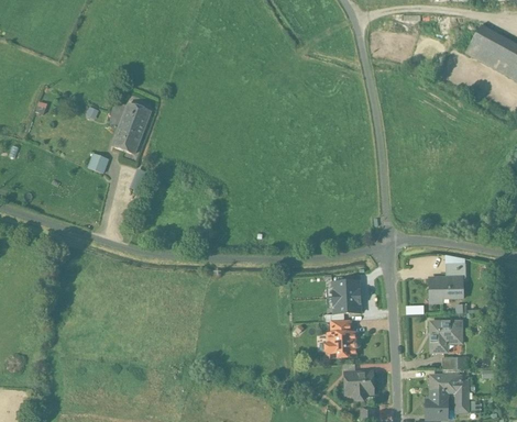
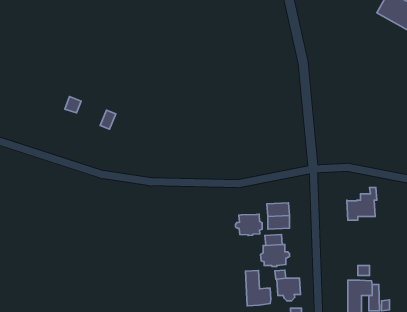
building: [112,103,150,155] -> none
building: none -> [235,214,262,236]
building: [430,321,461,352] -> none
building: none -> [245,271,271,306]

